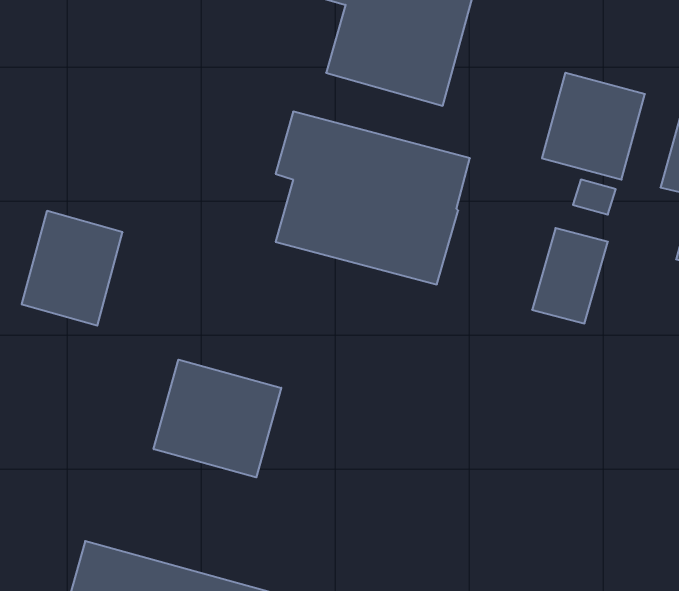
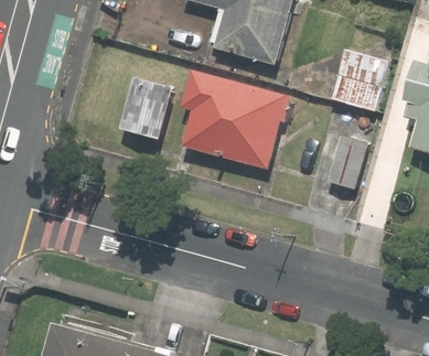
building: [22,211,123,326] -> [112,80,170,145]
building: [154,360,281,477] -> none

